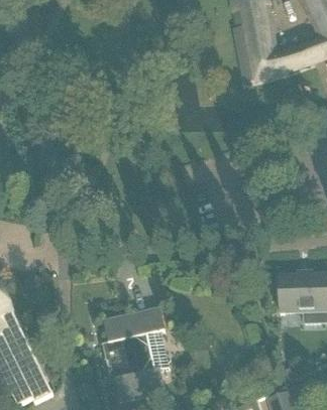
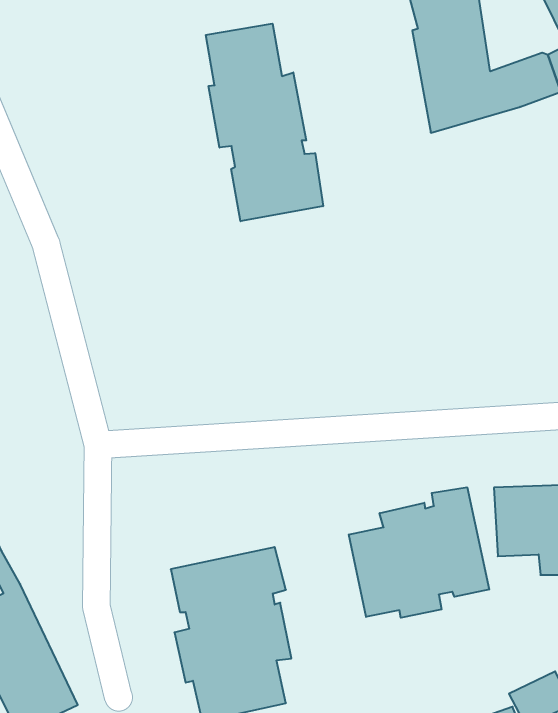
building: none -> [206,24,323,221]
building: none -> [349,487,489,618]

